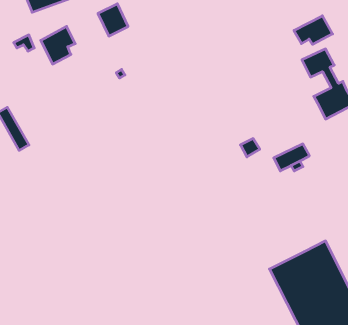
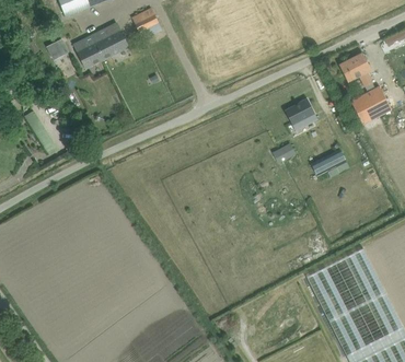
building: [294,16,333,44] -> none
building: none -> [100,23,128,59]
building: none -> [285,98,316,125]

